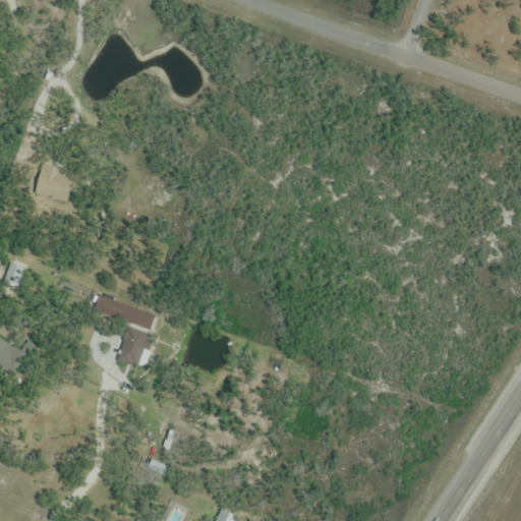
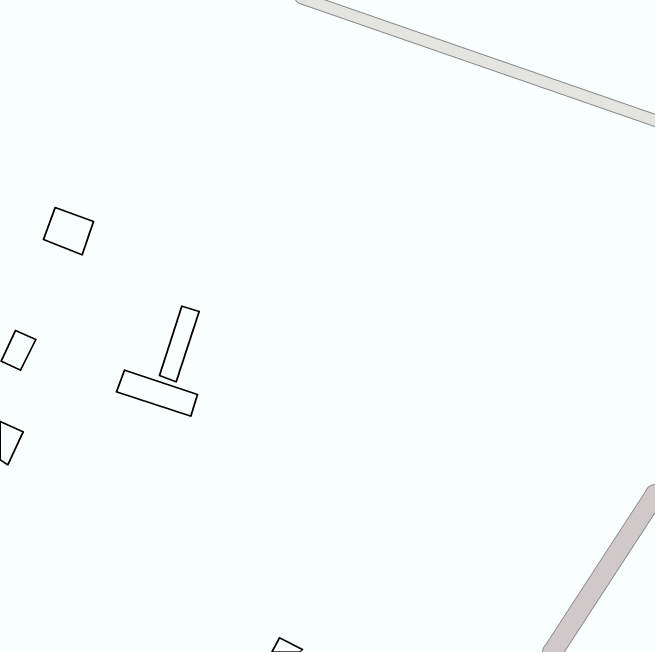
building: none -> [159,306,199,382]
building: [123,330,148,355] -> none

